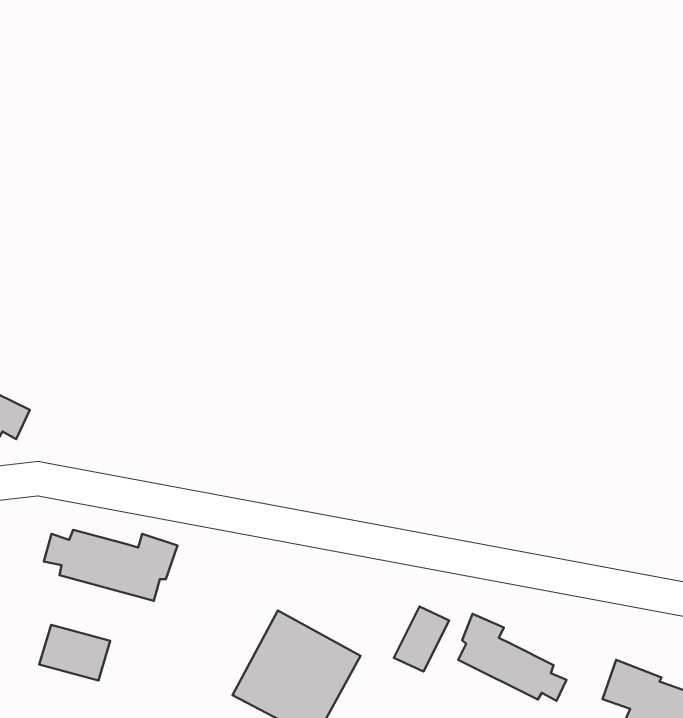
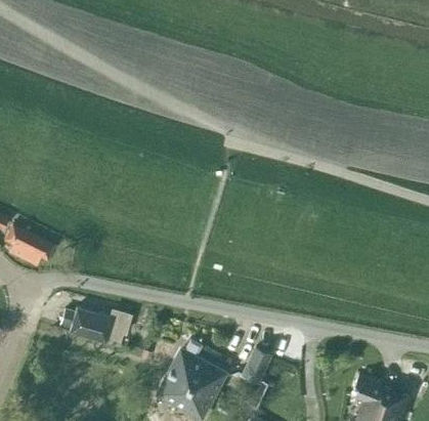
building: [458,614,566,701] -> none
building: [39,625,110,681] -> none

